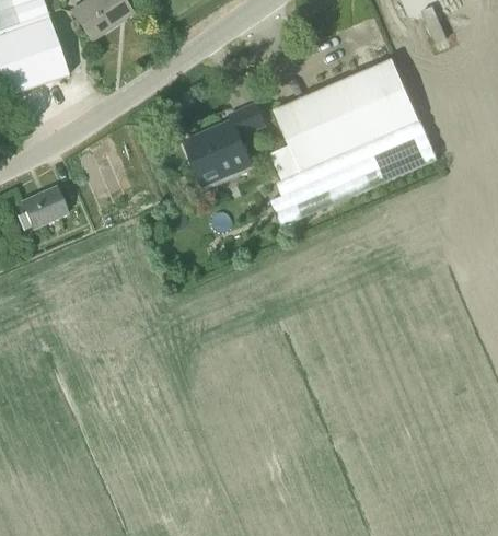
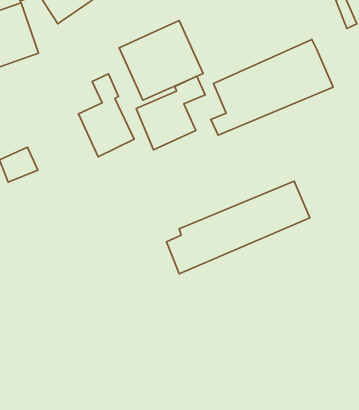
building: none -> [119,20,203,100]
building: none -> [78,74,134,157]
building: [265,115,436,225] -> [166,181,310,274]

